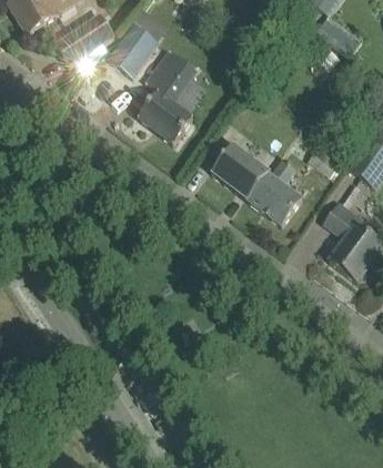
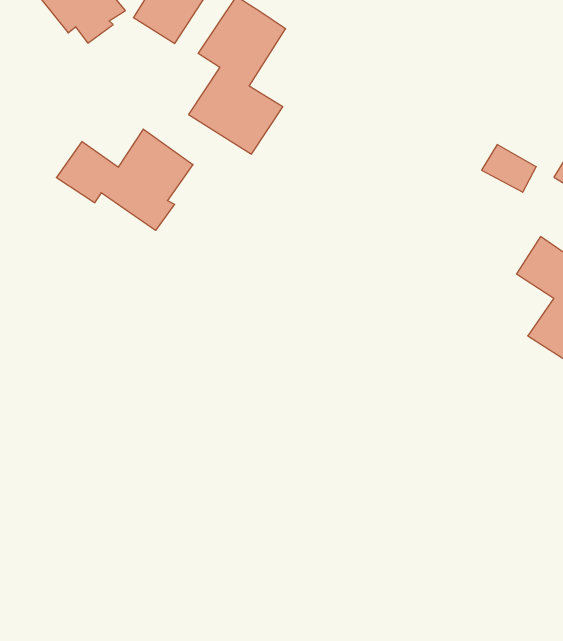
building: none -> [56,129,193,230]
building: [212,143,302,224] -> none

